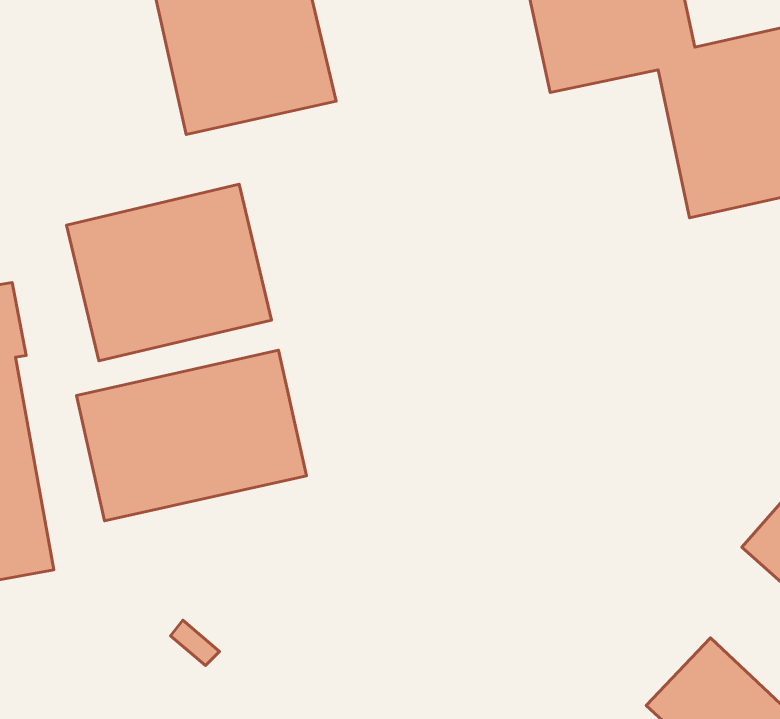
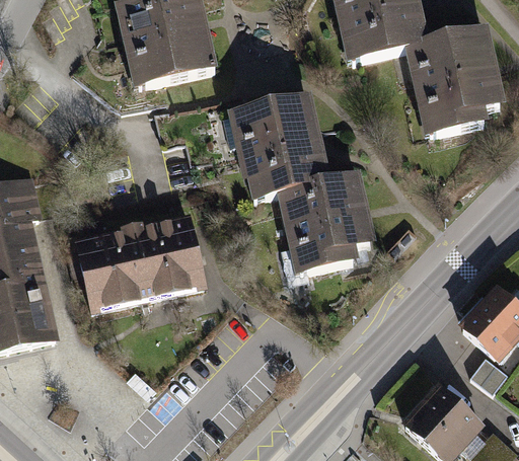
building: none -> [226,89,377,271]
building: [67,184,271,361] -> none

